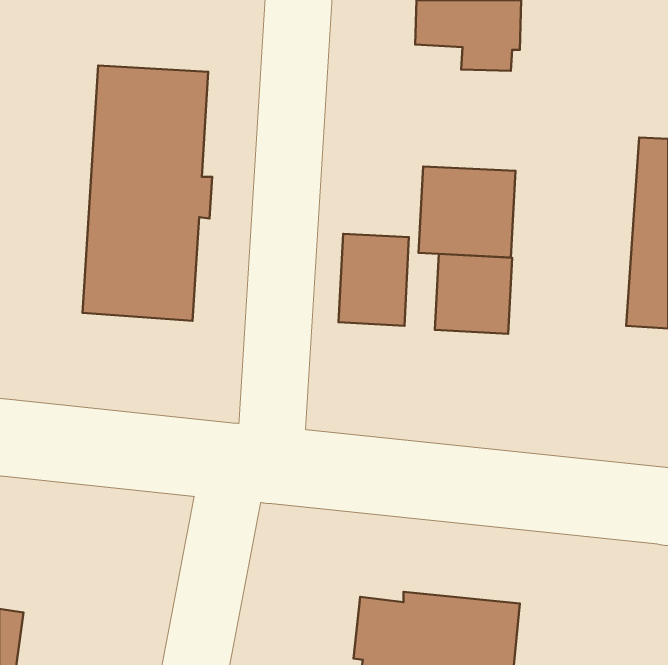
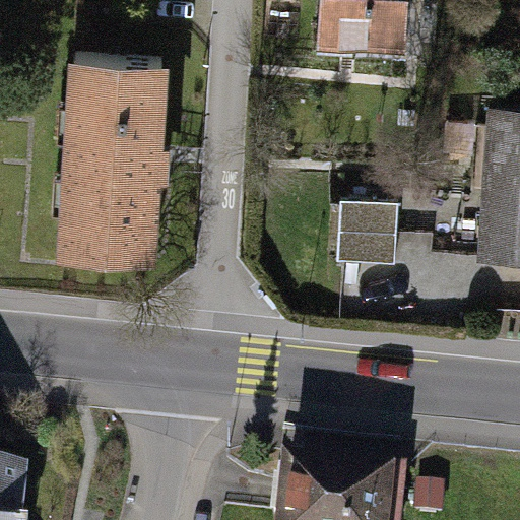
building: [419,166,515,257] -> none
building: [339,234,409,326] -> none

